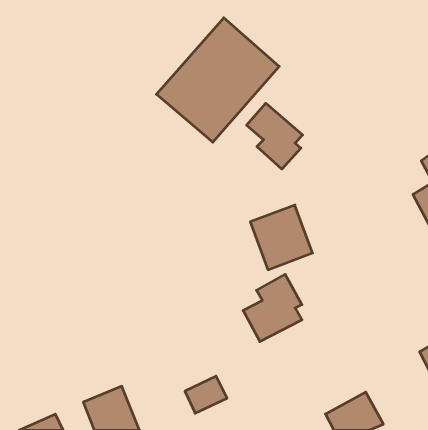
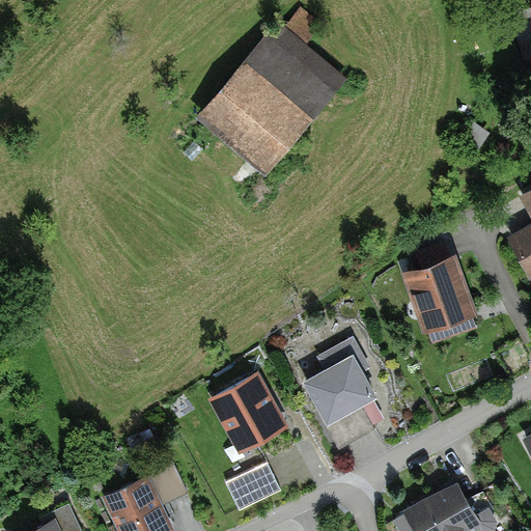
building: [247,103,303,169] -> none
building: [250,205,313,270] -> [404,255,481,335]
building: none -> [207,373,283,452]

